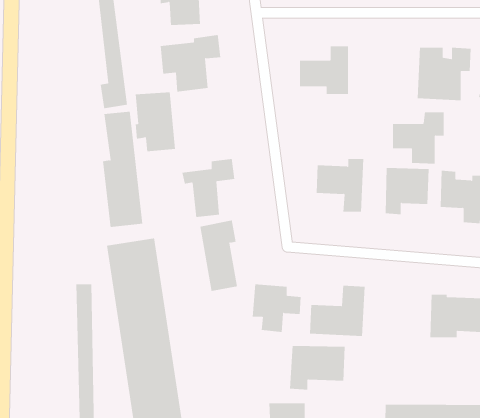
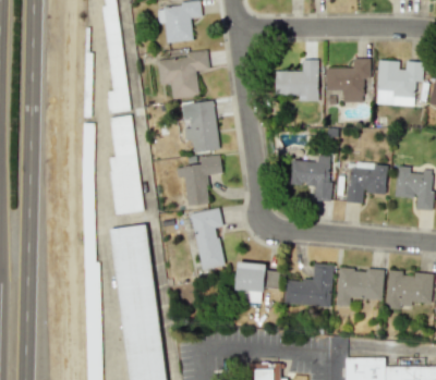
building: [135,92,176,152] -> [183,101,218,152]
building: [392,112,444,164] -> [326,59,371,103]
building: [289,345,345,390] -> [336,269,384,307]

